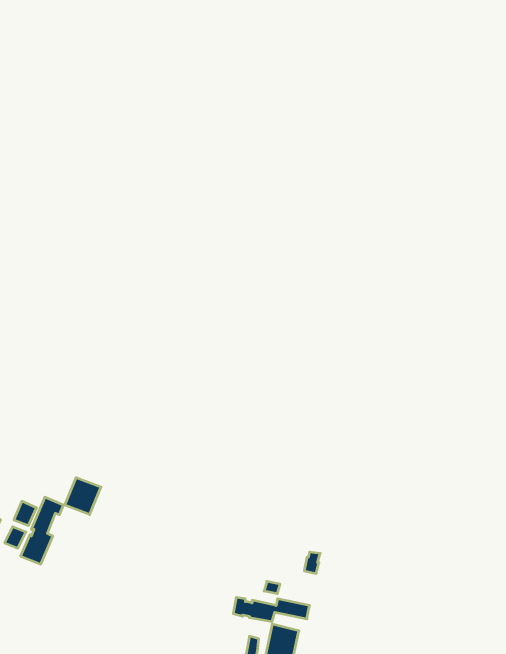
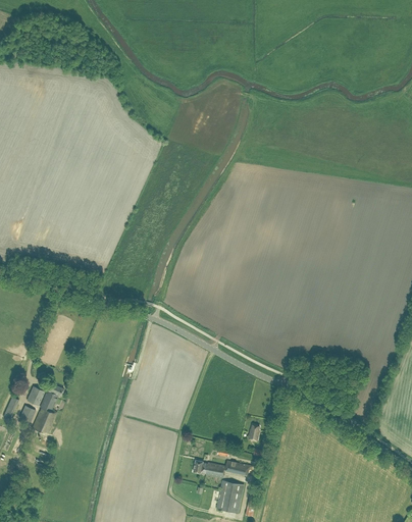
building: [65,478,101,515] -> none

